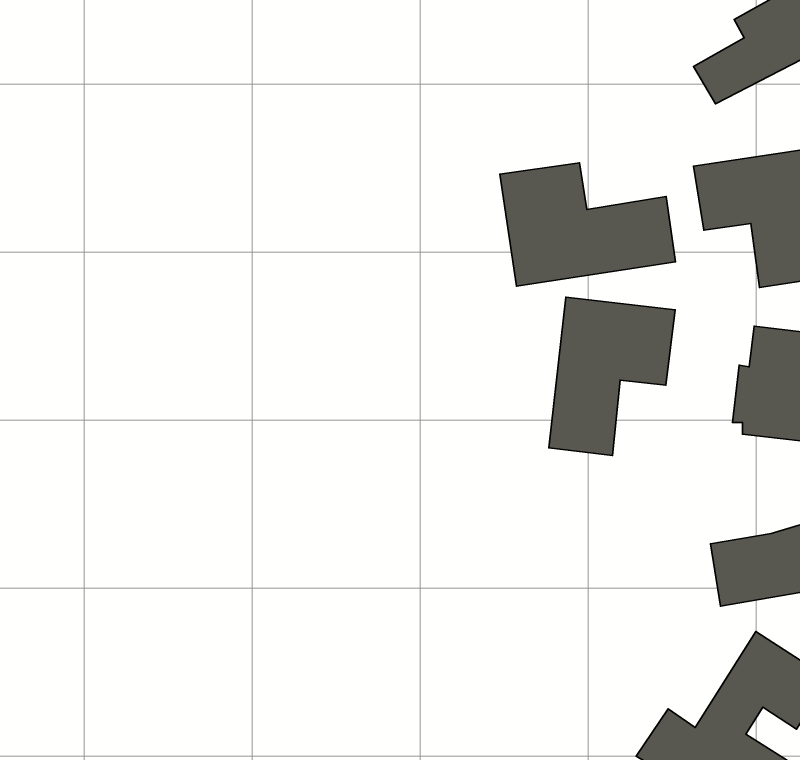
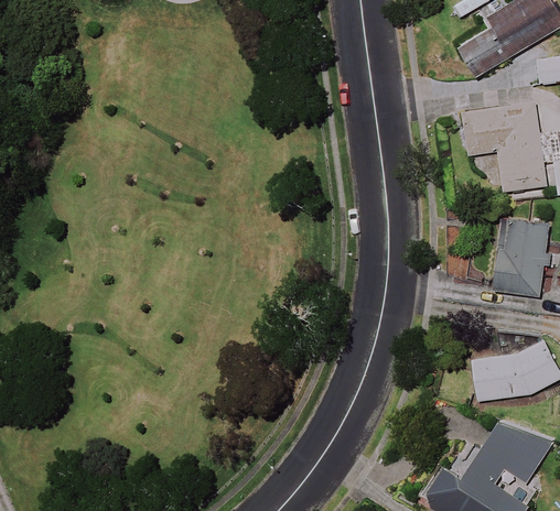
building: [500,163,676,286] -> none
building: [549,297,675,456] -> none

